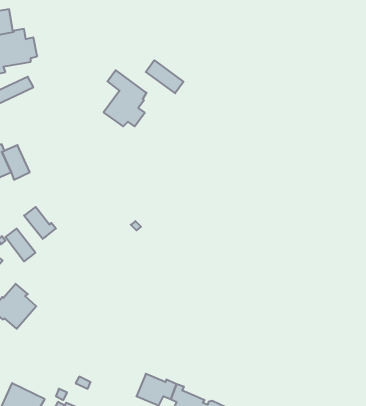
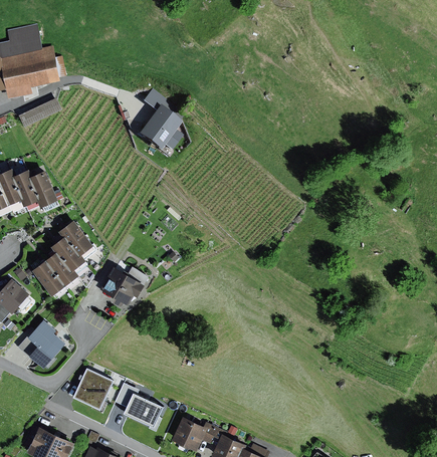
building: [146,60,183,93] -> none
building: none -> [59,219,93,256]
building: none -> [44,251,79,286]
building: none -> [100,260,148,304]
building: none -> [72,368,114,410]
building: none -> [114,384,163,427]

